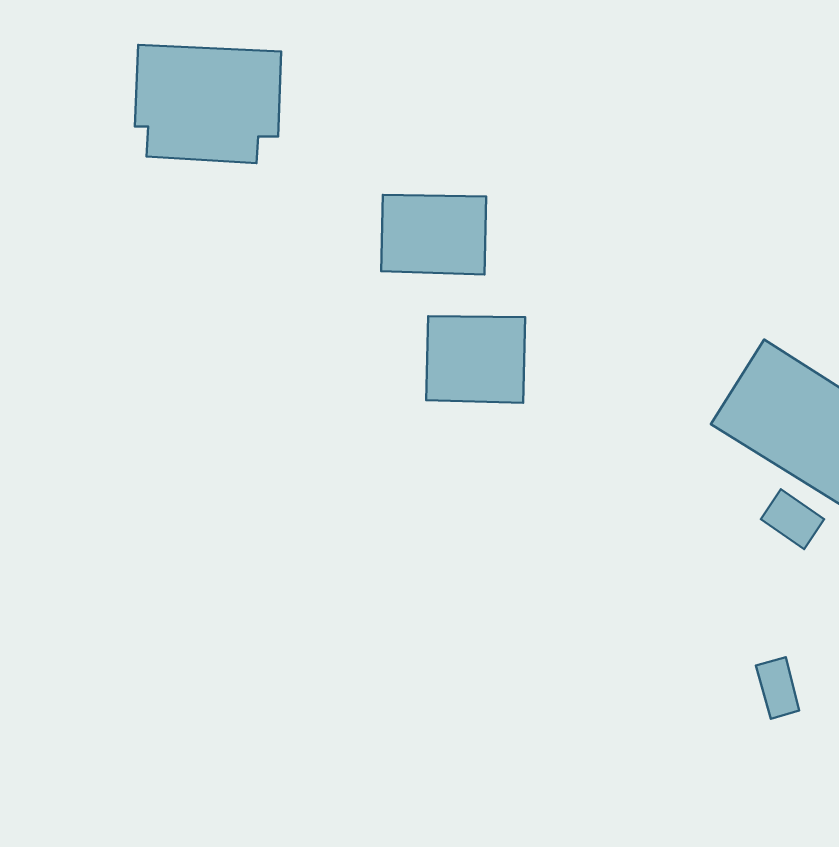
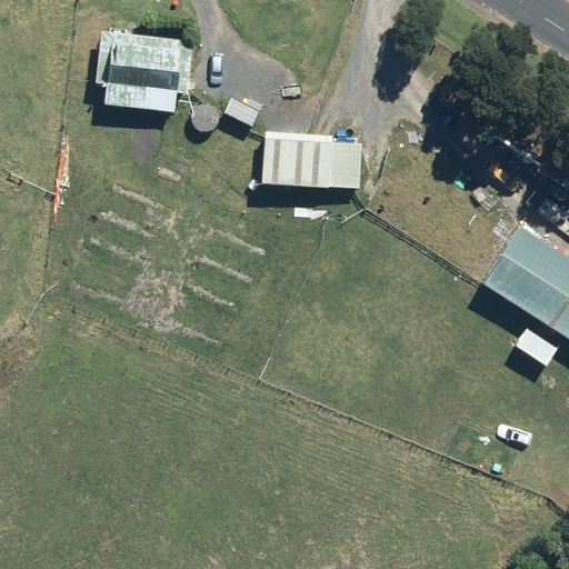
building: [426,316,525,403] -> none

